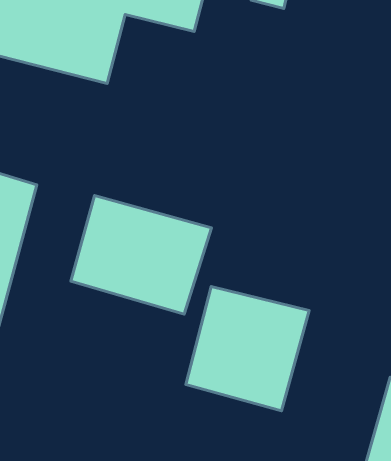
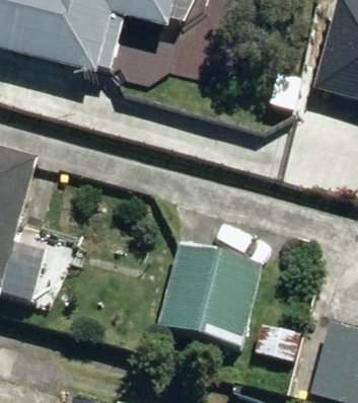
building: [71,195,212,314] -> none

